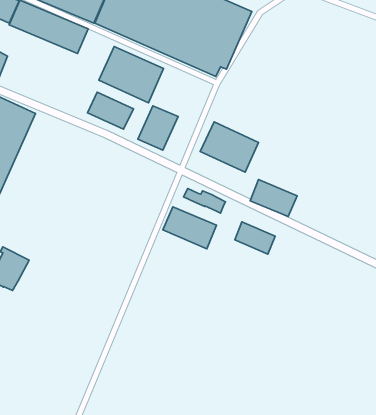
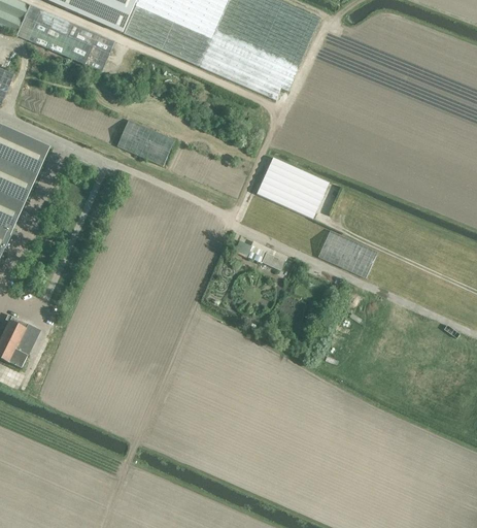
building: [99,46,164,103] -> none
building: [138,106,178,150] -> none
building: [163,207,216,249] -> none
building: [235,222,275,254] -> none

